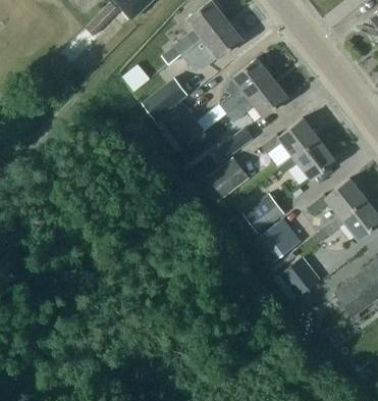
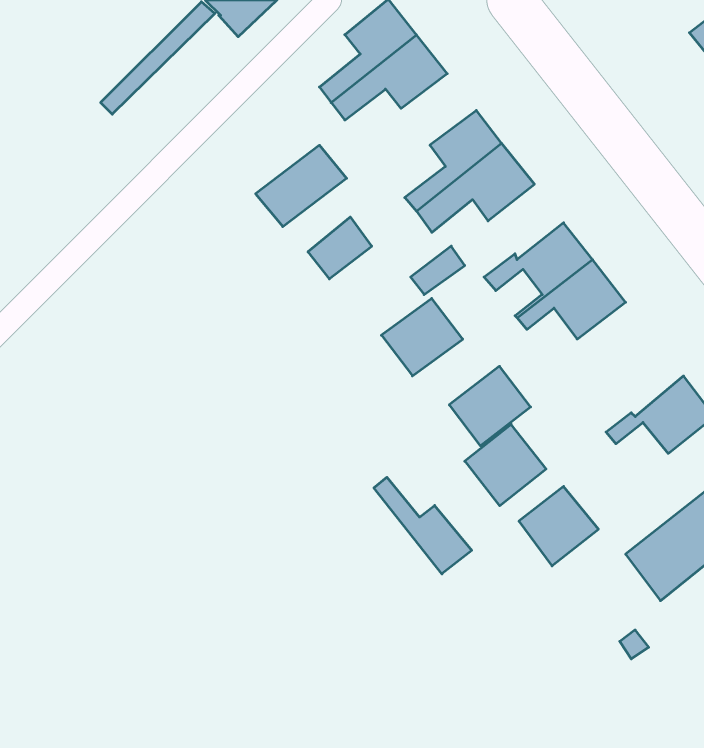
building: [309,178,366,228] -> none
building: none -> [374,477,472,574]

